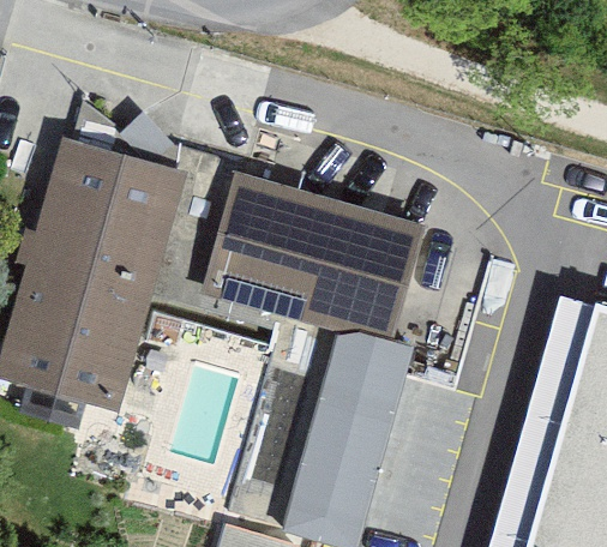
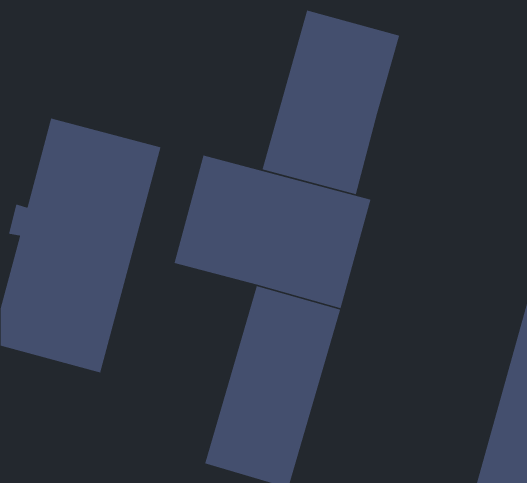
building: none -> [261,9,400,195]

